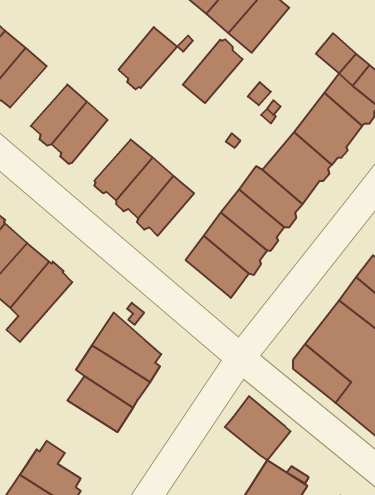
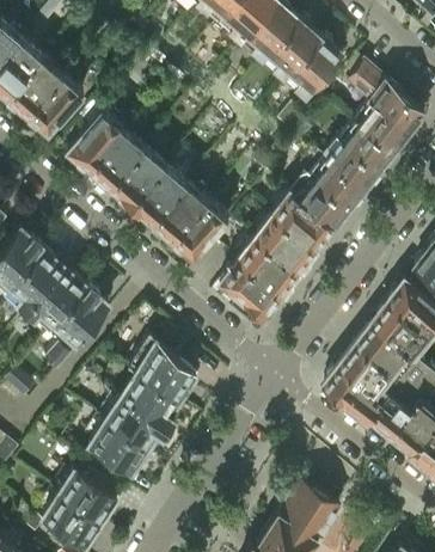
building: [119,27,177,89] -> [110,146,167,207]
building: [183,40,243,103] -> [286,36,344,98]
building: [225,396,291,460] -> none
building: none -> [90,421,154,473]

